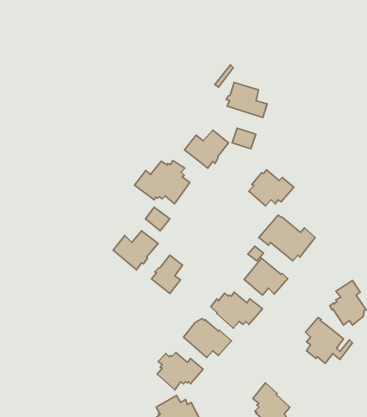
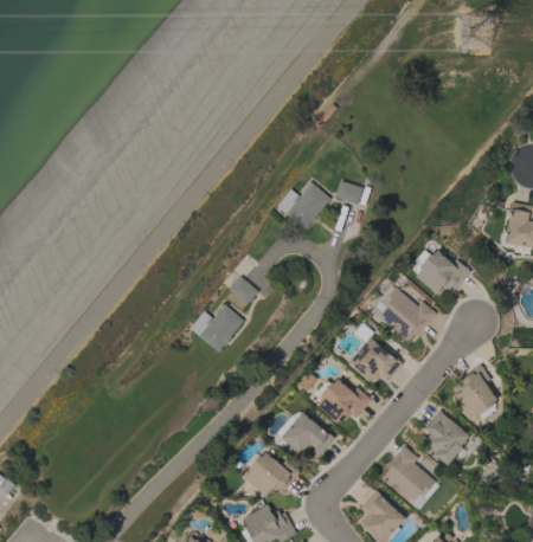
building: [226,83,267,118] -> none
building: [135,160,190,204] -> none
building: [249,170,294,206] -> [416,250,470,293]
building: [152,255,183,293] -> none
building: none -> [381,445,438,508]

